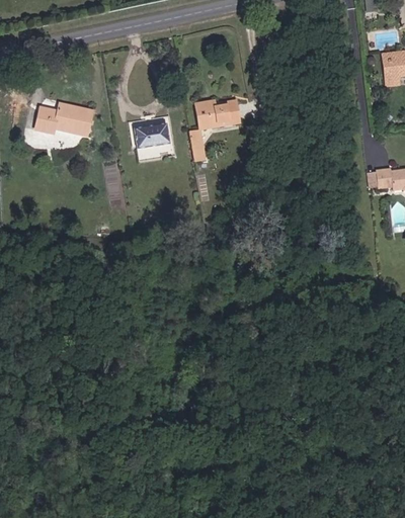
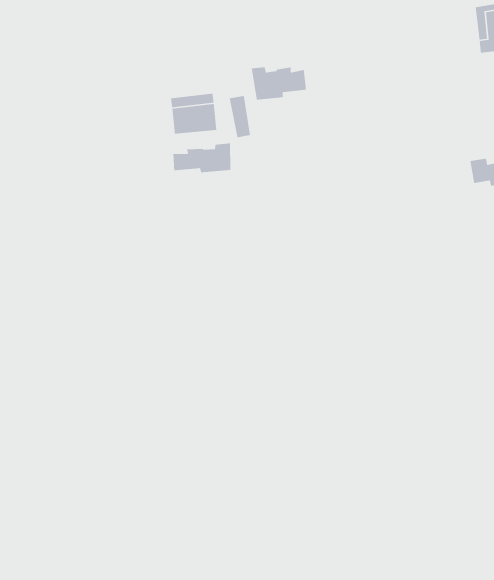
building: [38,105,95,138] -> none
building: none -> [172,143,231,173]

